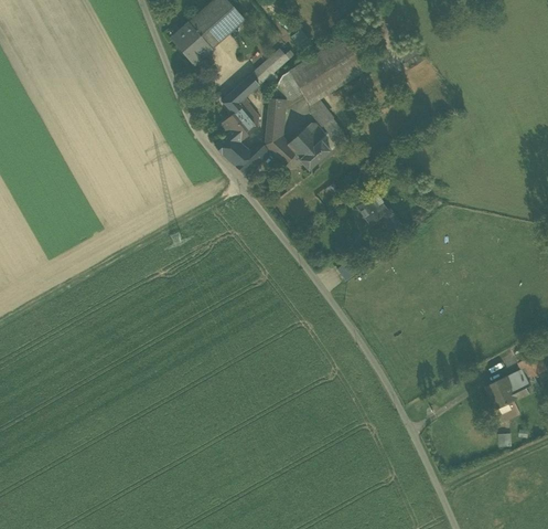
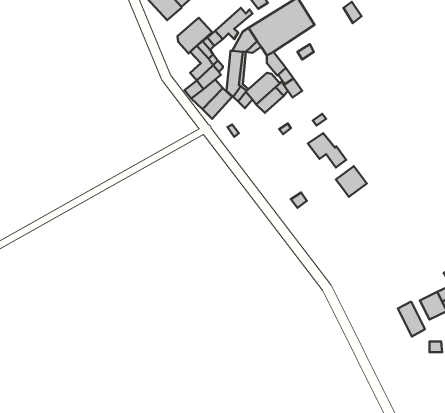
building: none -> [177,18,212,53]
building: none -> [336,166,367,197]
building: none -> [398,302,425,336]

